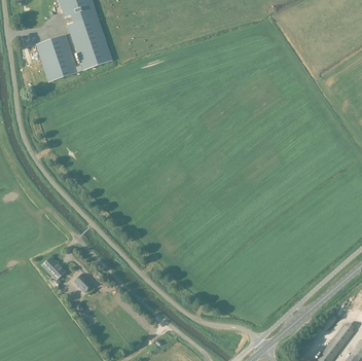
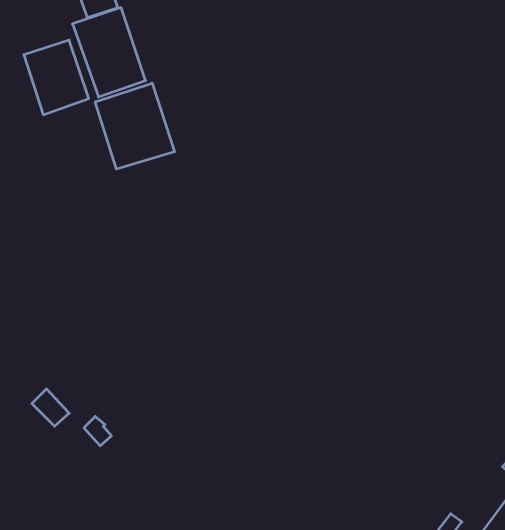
building: none -> [95,83,174,169]

